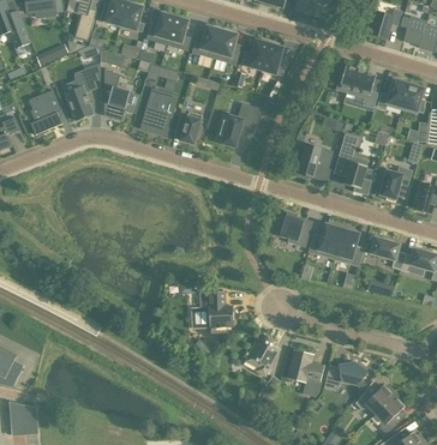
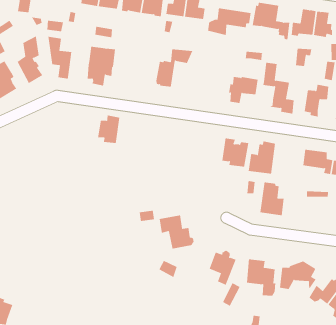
building: none -> [207,8,251,36]
building: [174,109,203,143] -> [97,115,120,144]
building: [334,224,364,265] -> [260,182,284,216]

